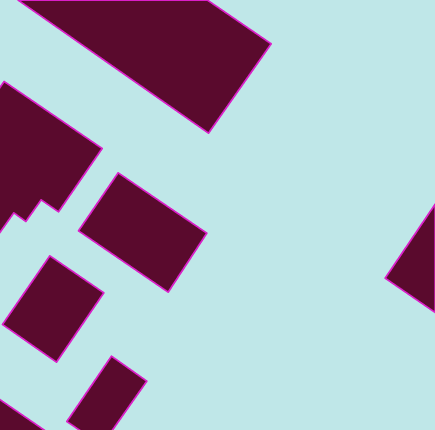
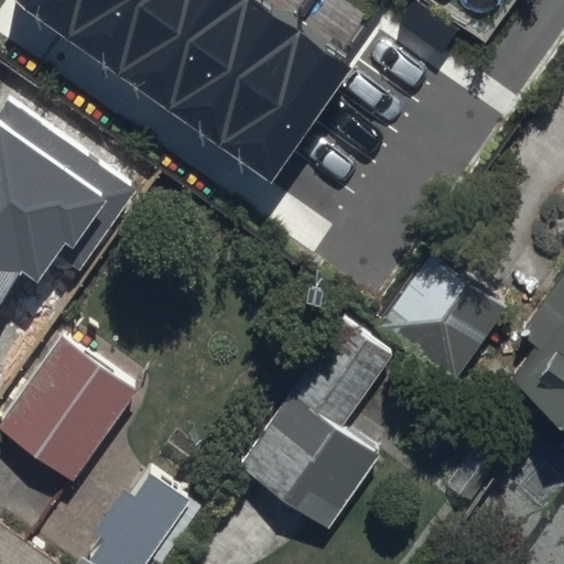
building: [79,173,207,292] -> none
building: none -> [376,251,505,375]
building: none -> [238,321,393,530]

